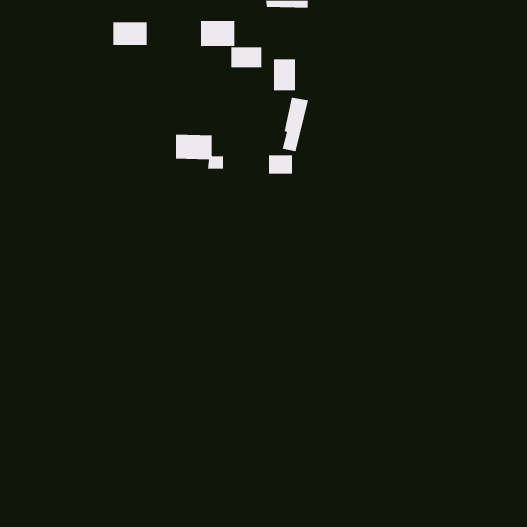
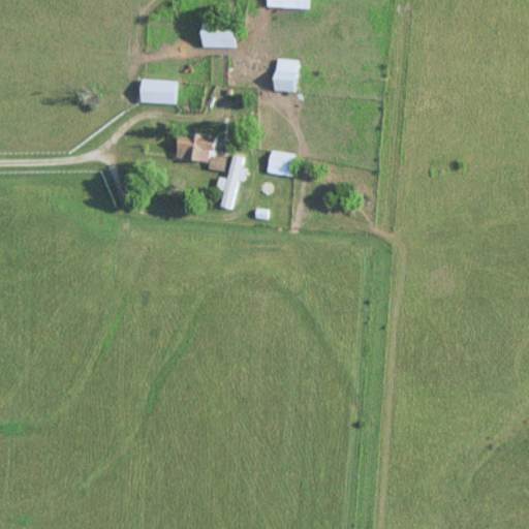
building: [113,22,148,45] -> [139,80,175,103]
building: [231,46,262,68] -> none
building: [282,97,309,152] -> [219,155,246,210]

